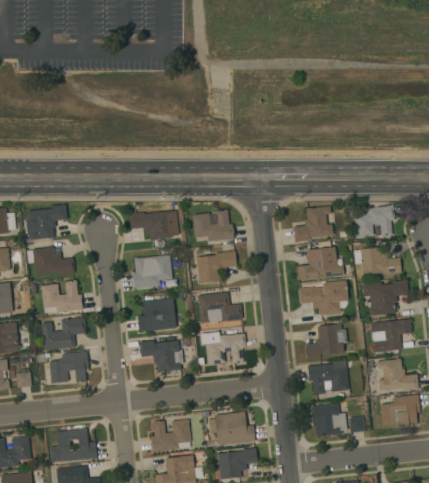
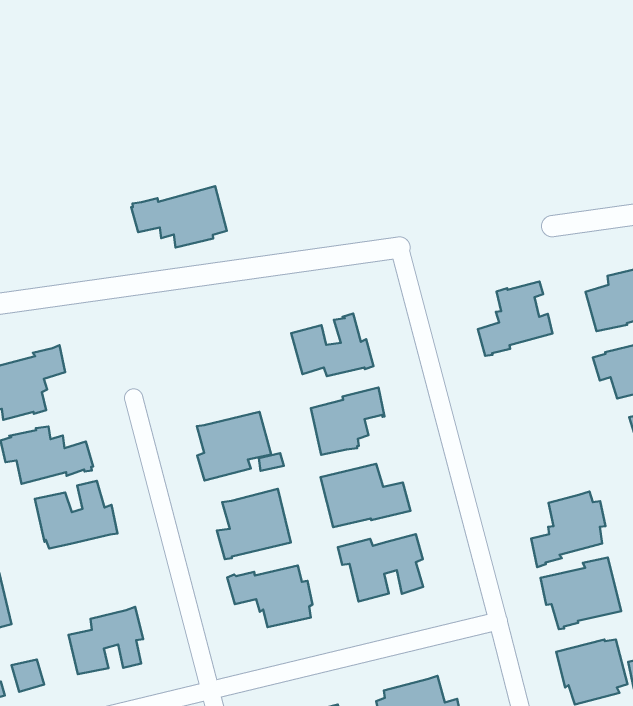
building: [129,210,179,240] -> [131,186,227,247]
building: [297,247,338,280] -> none
building: [298,281,348,315] -> none
building: [42,317,86,350] -> none

